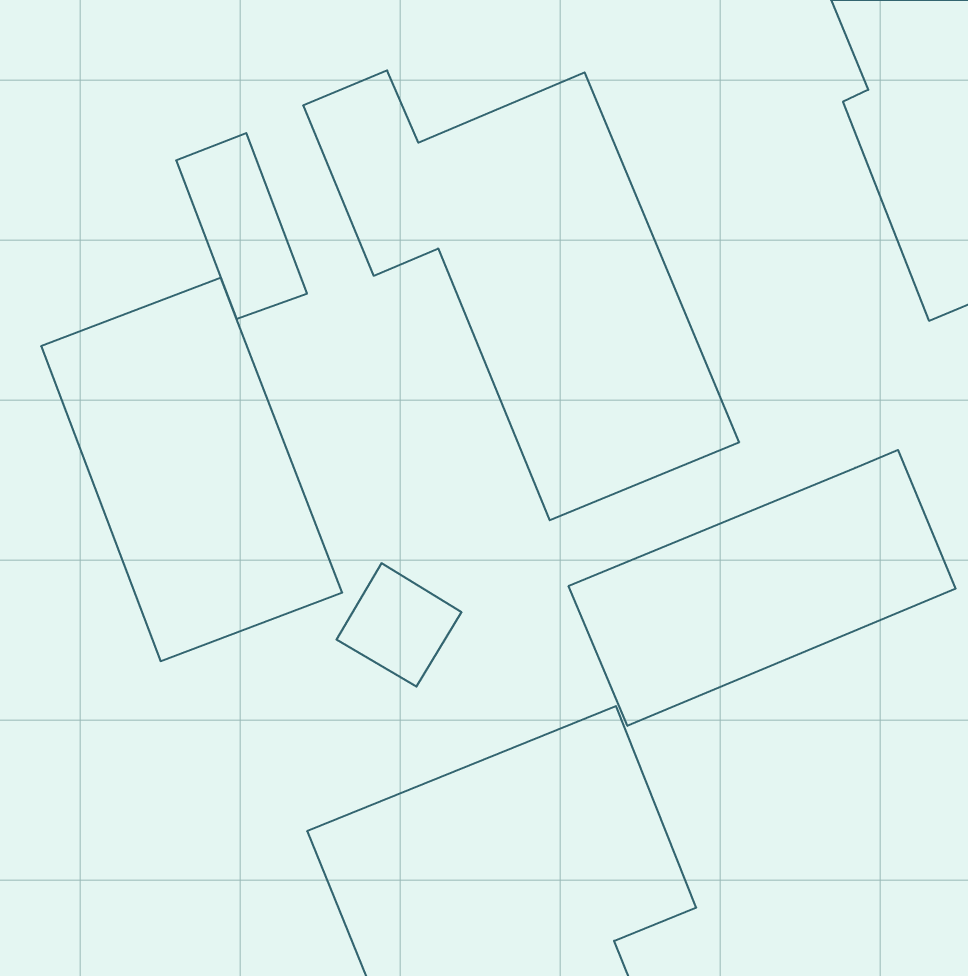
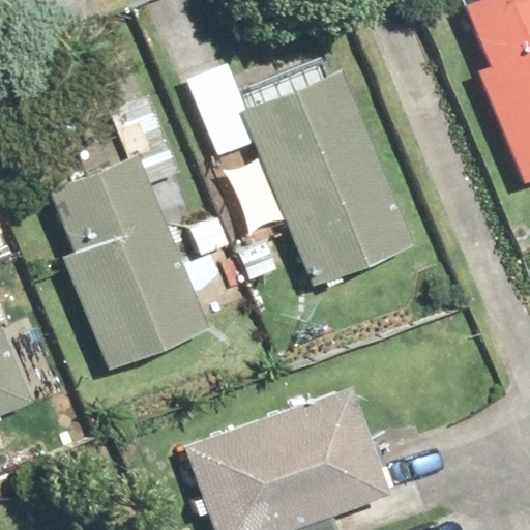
building: [569,450,956,726] -> none

